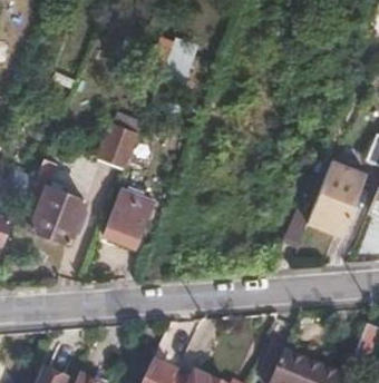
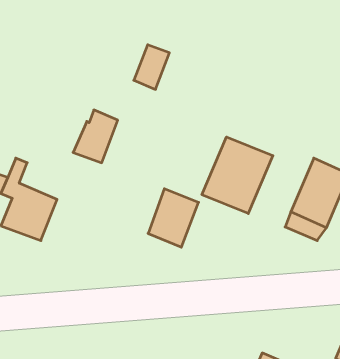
building: none -> [202,137,273,214]
building: [105,188,154,245] -> [148,189,199,247]

